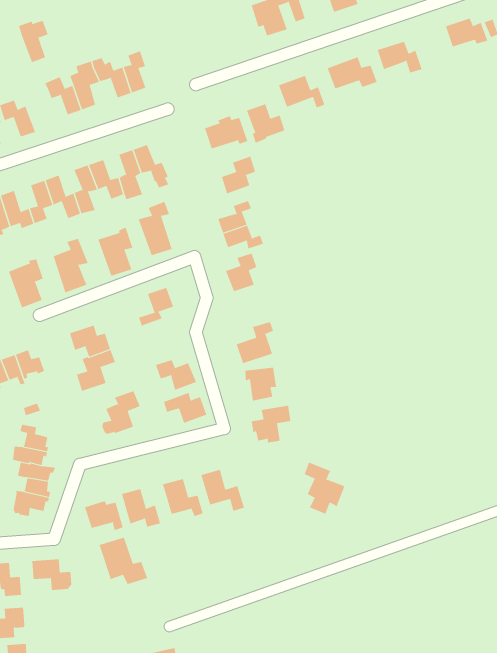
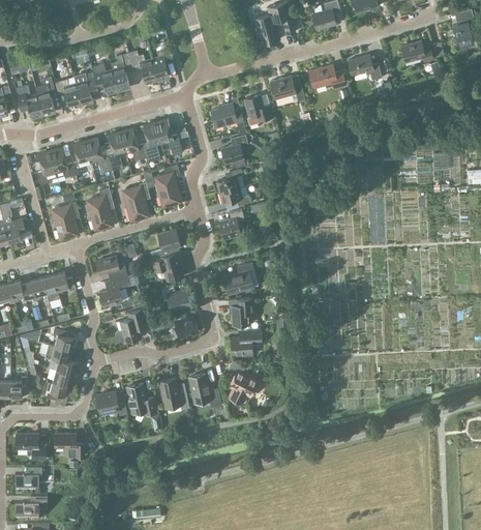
building: [18,20,48,63] -> [73,71,96,104]
building: none -> [153,254,182,277]
building: [304,462,345,514] -> [228,359,259,401]
building: [99,537,148,585] -> none

